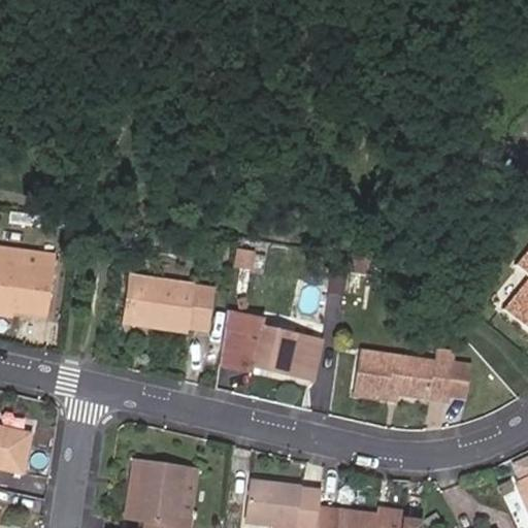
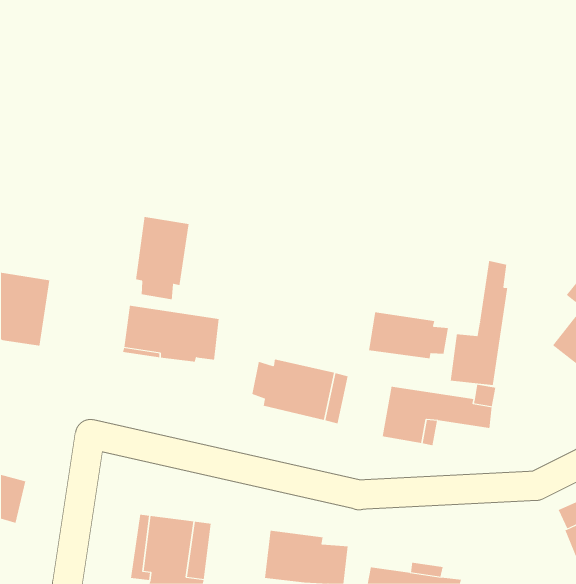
building: none -> [135,216,189,300]
building: none -> [450,260,508,386]
building: none -> [368,312,449,359]

